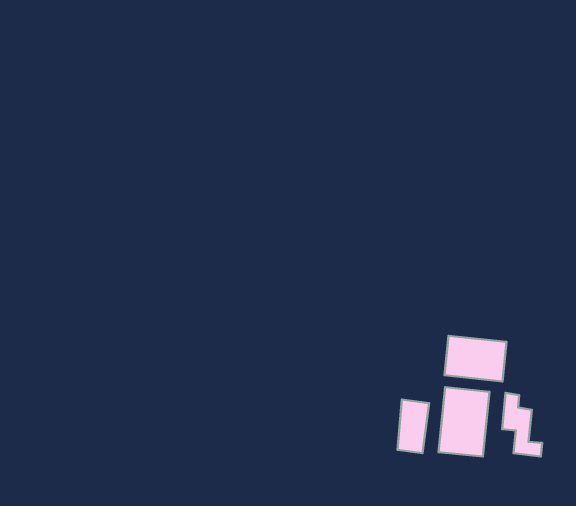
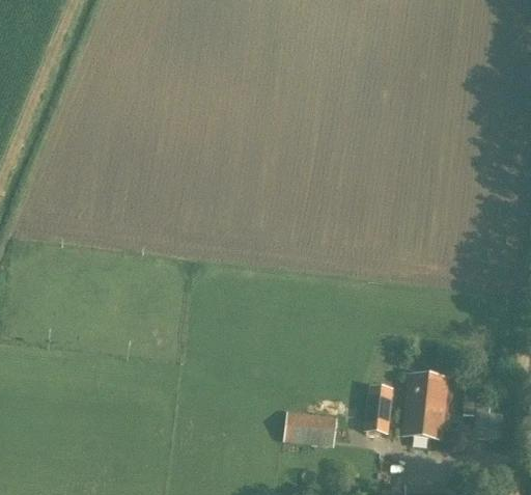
building: [444,336,507,381] -> none
building: none -> [284,411,338,446]

